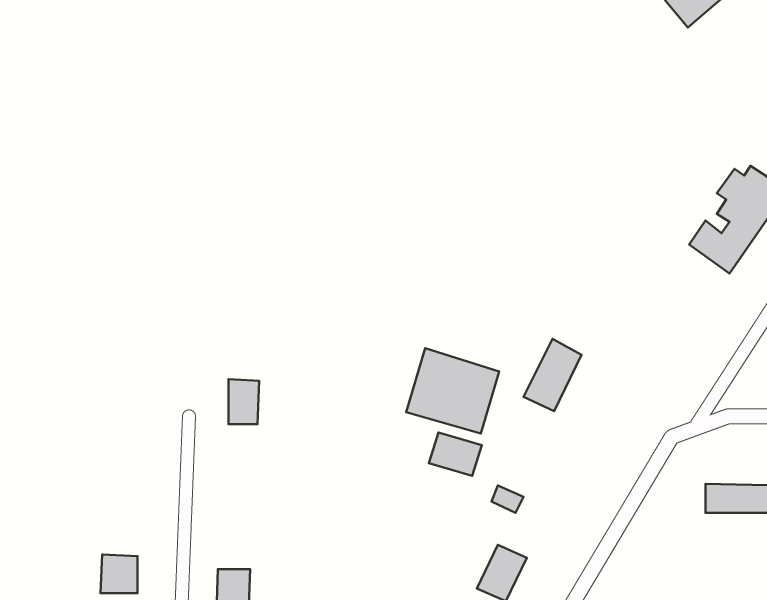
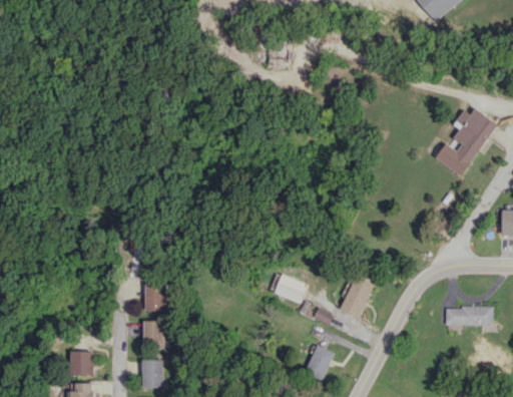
building: [524,339,581,411] -> [339,273,375,318]
building: [406,348,499,433] -> none
building: [229,379,259,424] -> [143,283,162,311]
building: none -> [142,321,162,348]

